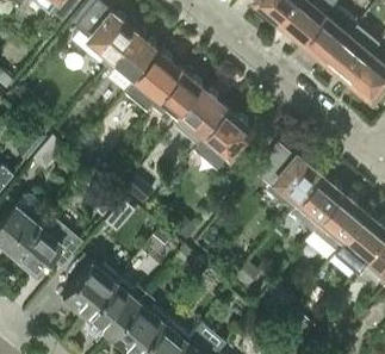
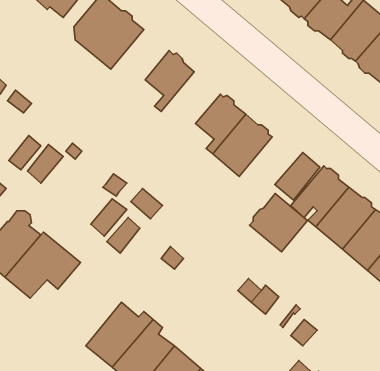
building: [106,32,159,87] -> none
building: [151,70,205,123] -> none
building: none -> [249,194,307,252]
building: [60,262,116,317] -> none

